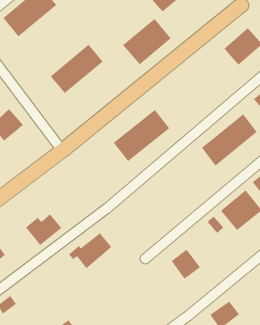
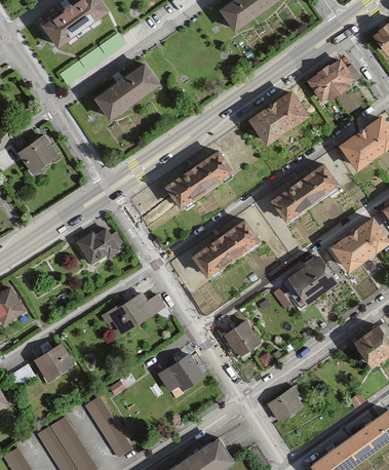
building: [122,18,171,65] -> [249,90,310,146]
building: none -> [194,219,264,280]
building: [25,214,62,246] -> [75,229,120,267]
building: none -> [34,343,75,382]
building: none -> [157,354,204,392]

